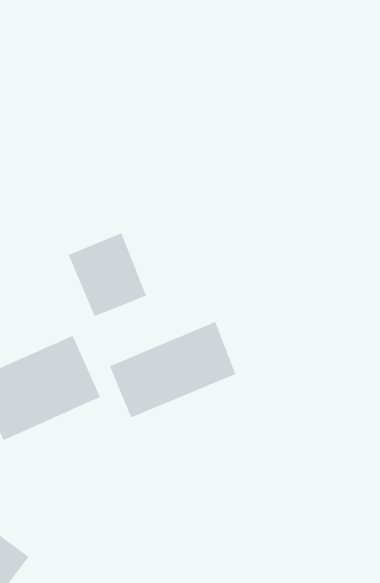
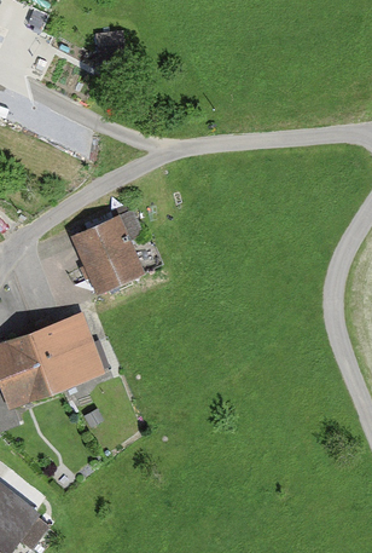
building: [109,321,236,418] -> none

